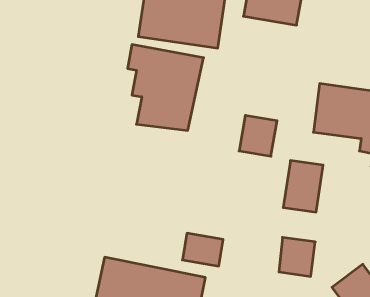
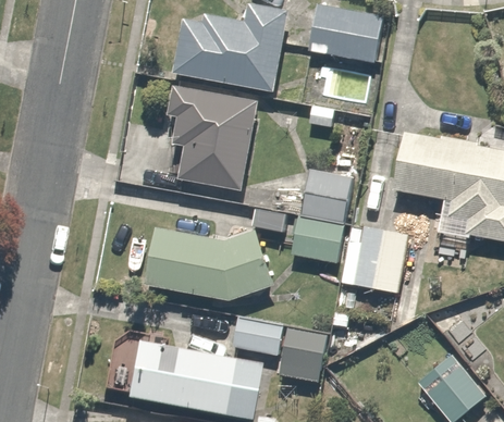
building: none -> [292,219,337,260]
building: none -> [146,226,272,299]
building: [279,237,315,276] -> [281,334,325,382]

